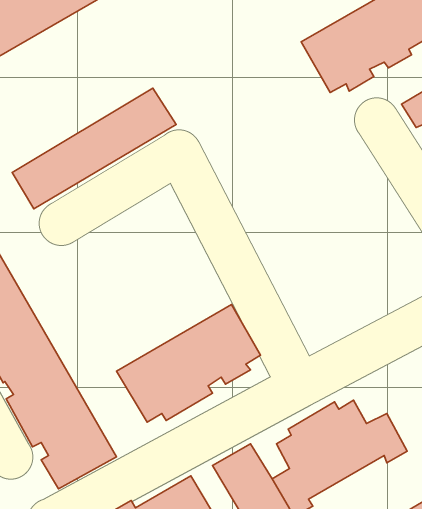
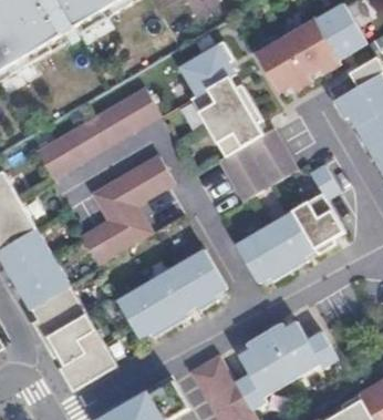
building: none -> [180,37,299,197]
building: none -> [81,154,175,264]
building: none -> [236,163,344,283]

